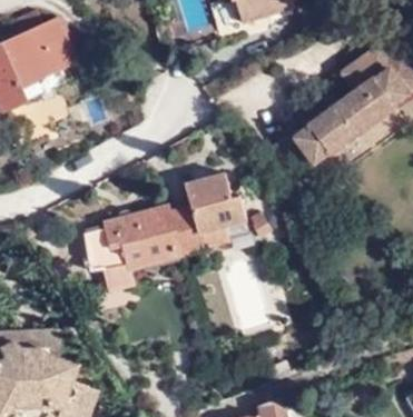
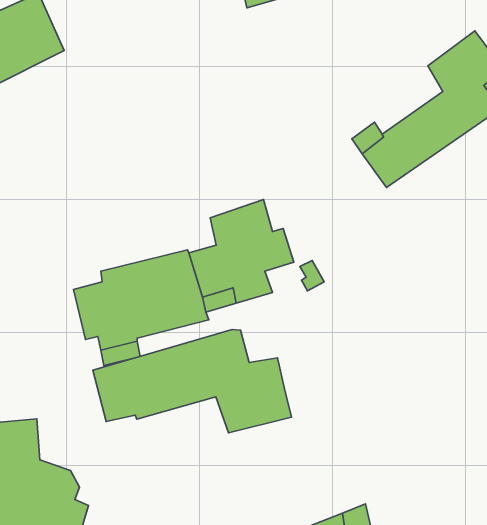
building: none -> [93,330,292,433]

